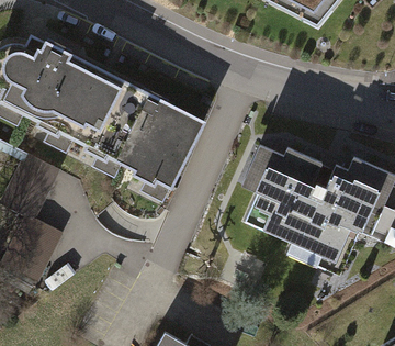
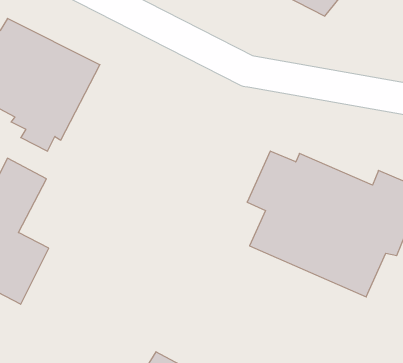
building: [76,69,203,197] -> none

